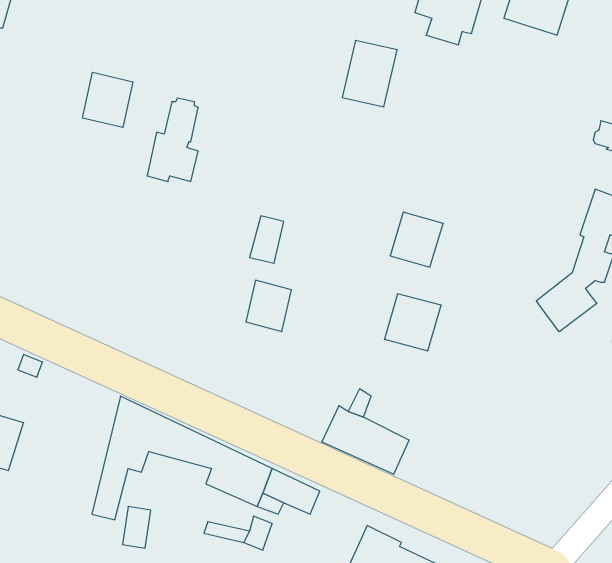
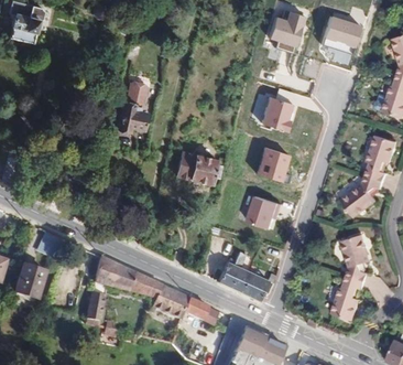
building: [342,40,397,107] -> [264,94,296,132]
building: [83,72,133,128] -> none
building: [246,280,291,331] -> [188,153,215,183]
building: none -> [331,234,369,320]

